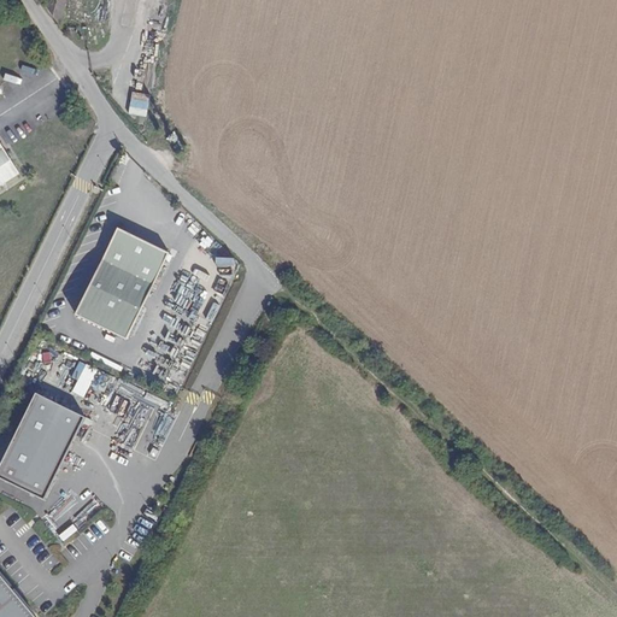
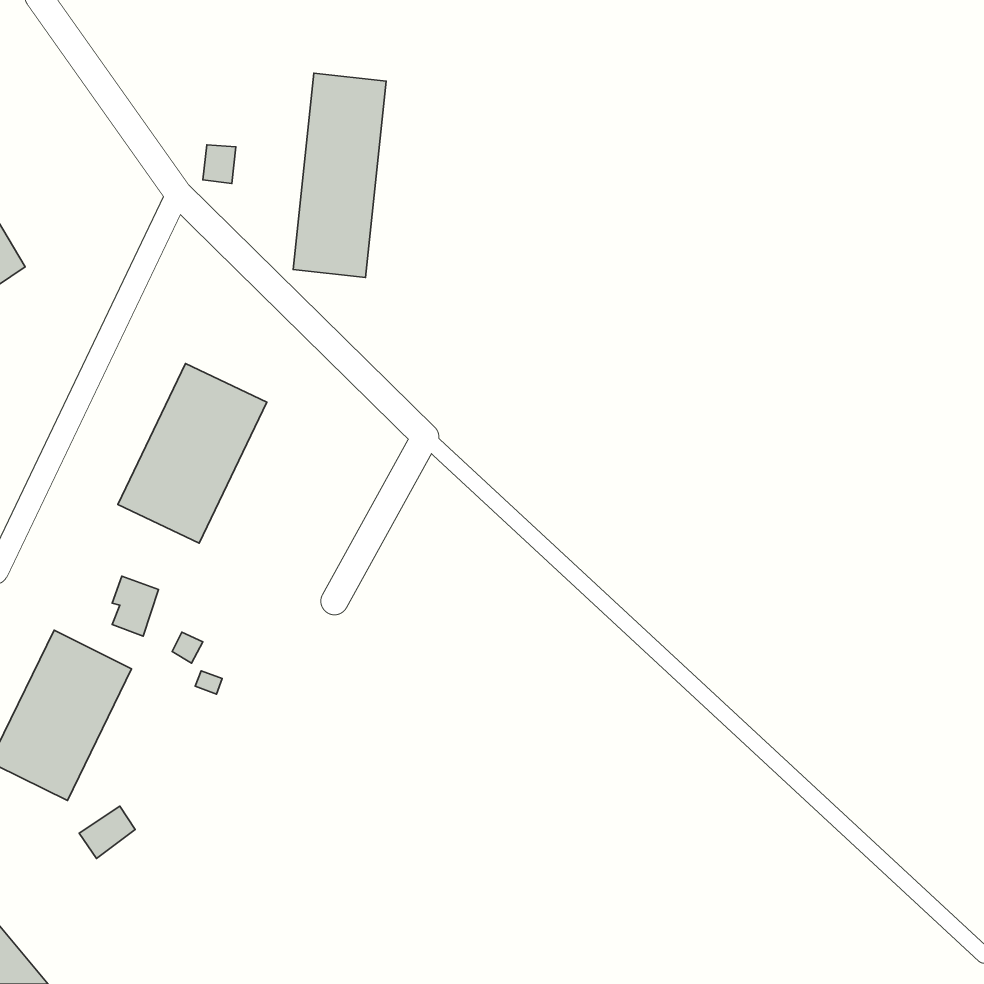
building: none -> [293,73,386,278]

